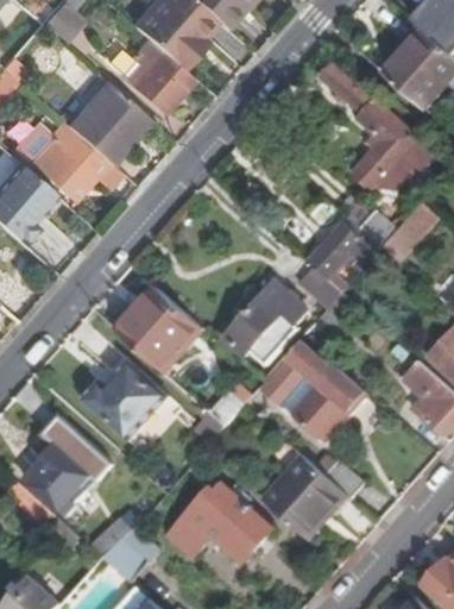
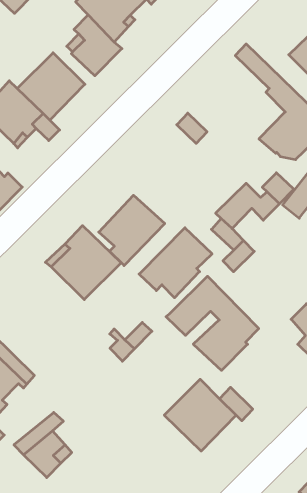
building: none -> [99,195,165,266]
building: [83,362,166,439] -> none
building: [170,484,272,563] -> none

